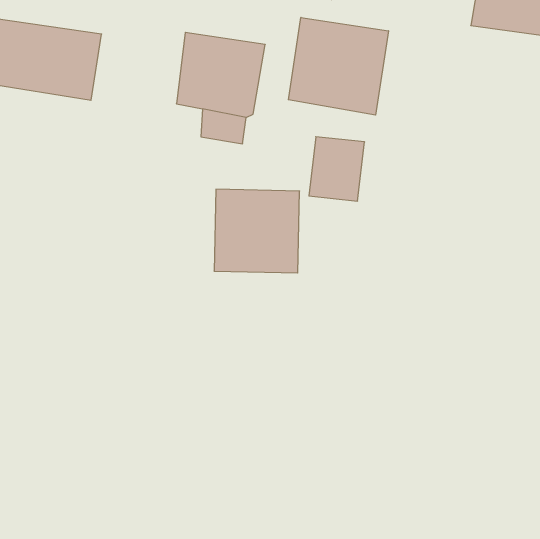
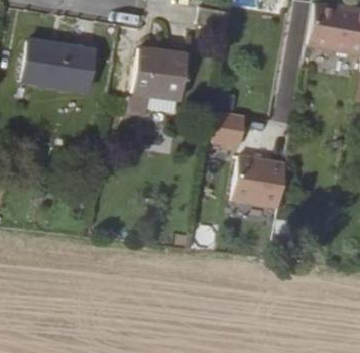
building: [288,17,388,115] -> none
building: [214,189,300,273] -> [233,157,282,206]

